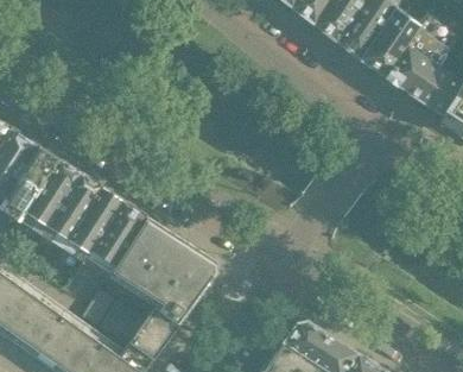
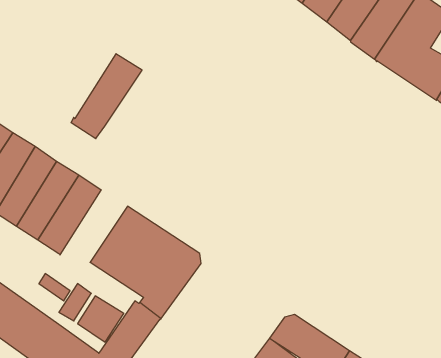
building: [80,201,147,282] -> [71,54,142,139]

